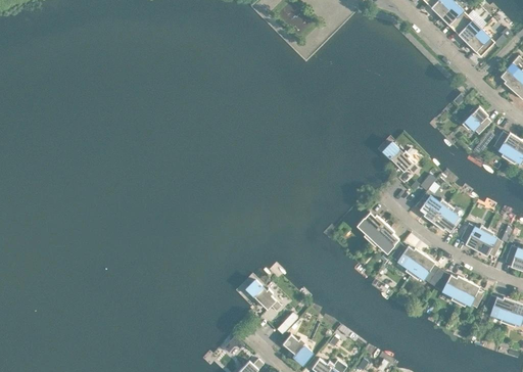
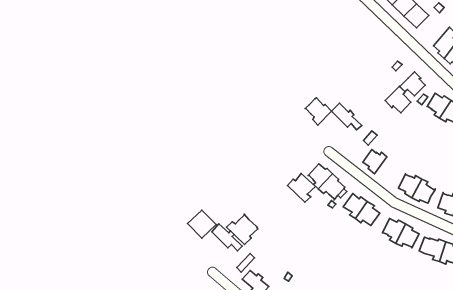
building: none -> [385,87,411,113]
building: none -> [305,98,331,125]
building: [432,203,460,232] -> none
building: none -> [287,174,316,202]
building: none -> [187,210,216,238]
building: none -> [226,214,258,245]

